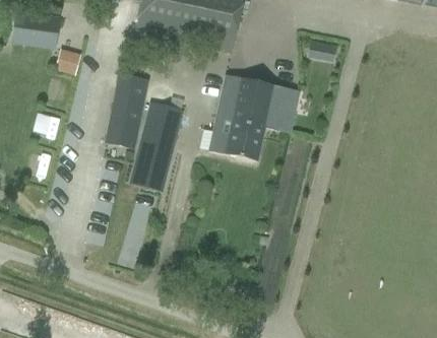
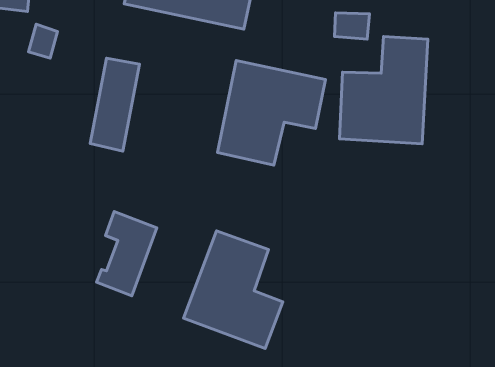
building: none -> [339,36,428,144]
building: [129,103,183,191] -> none
building: none -> [184,231,283,348]

